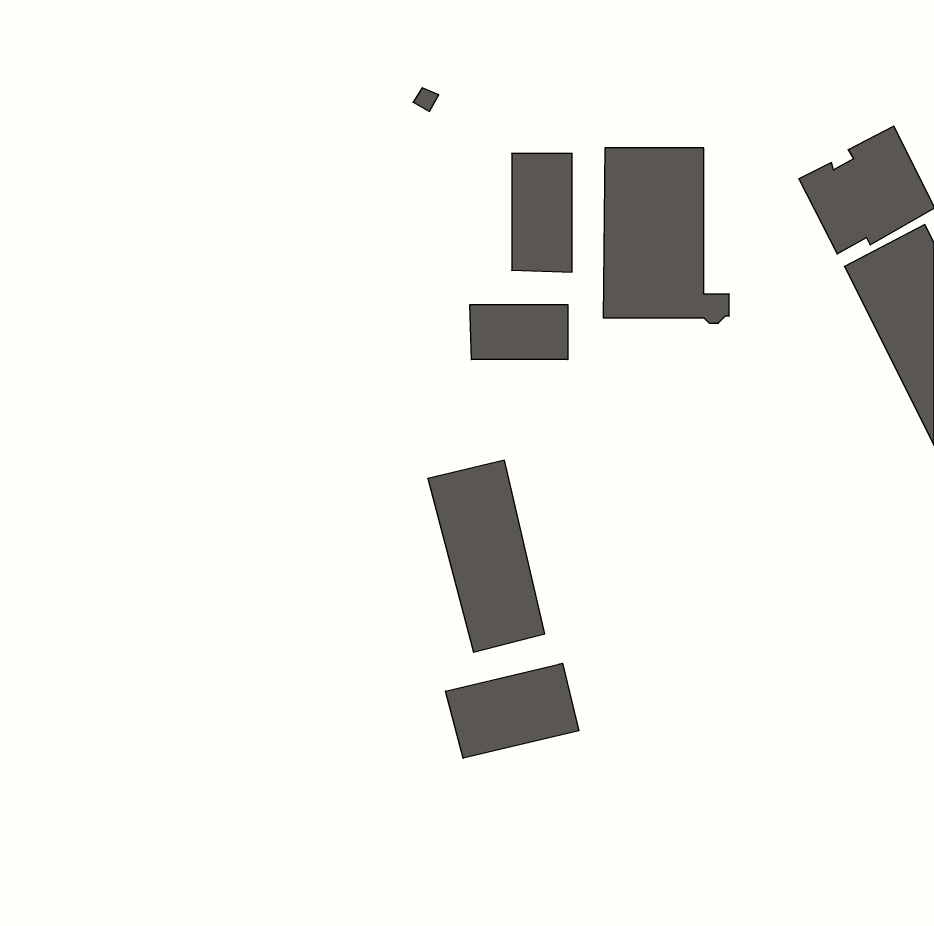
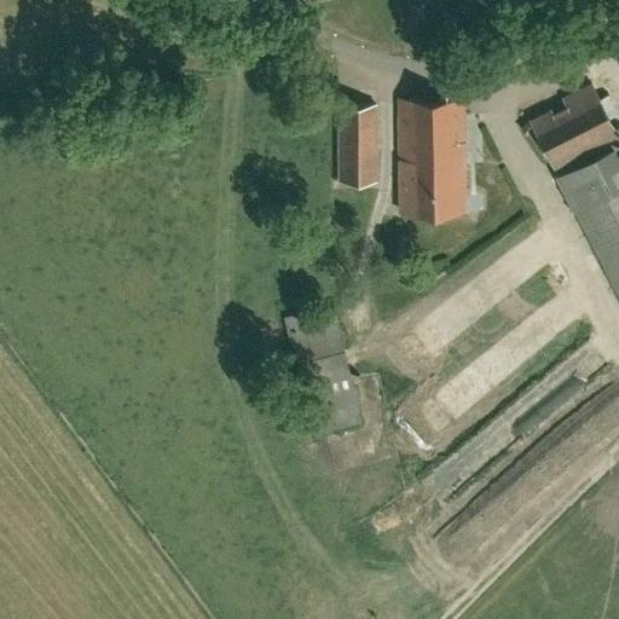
building: [470,305,568,360] -> none
building: [445,663,579,758] -> none

